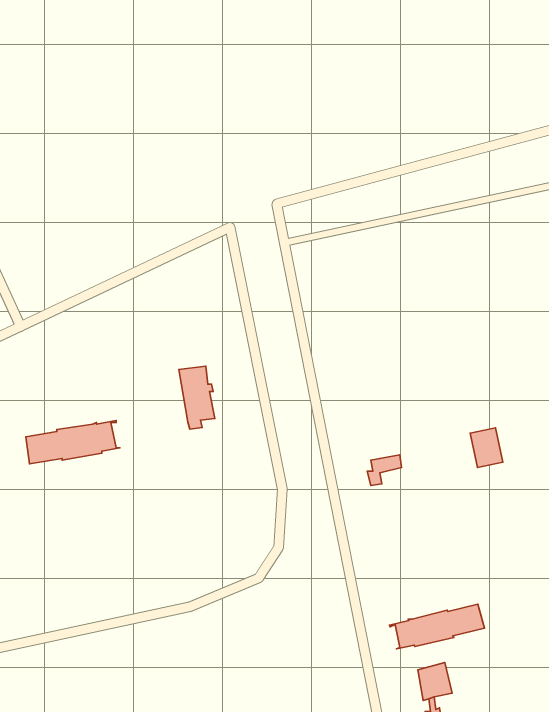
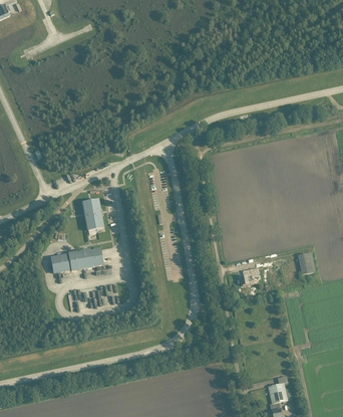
building: [179,366,215,429] -> [82,198,102,233]
building: [390,604,485,649] -> none

